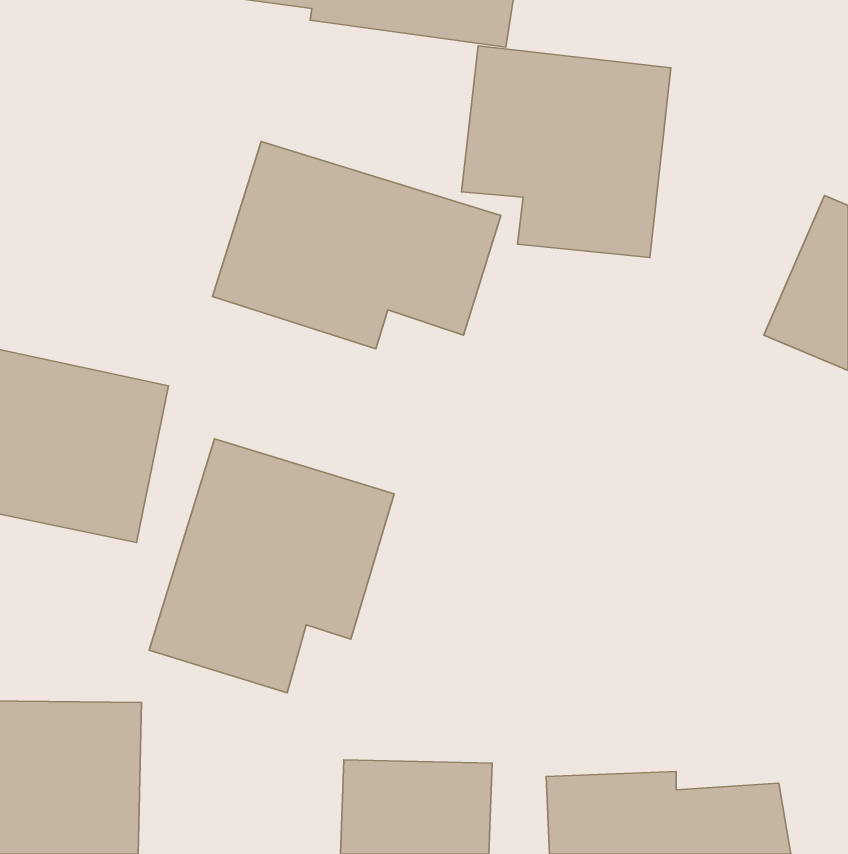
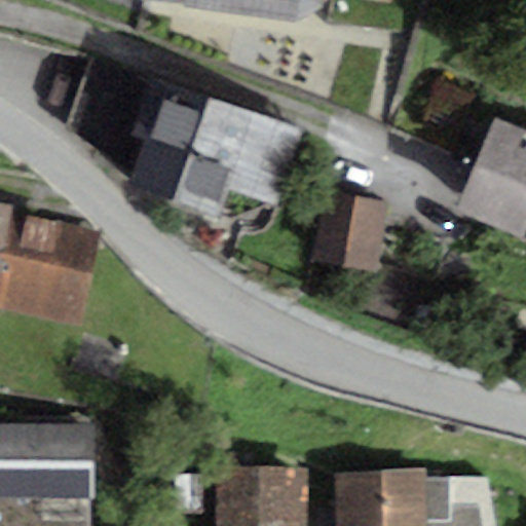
building: [461,46,671,258] -> none
building: none -> [321,197,390,271]
building: [149,439,394,693] -> none

